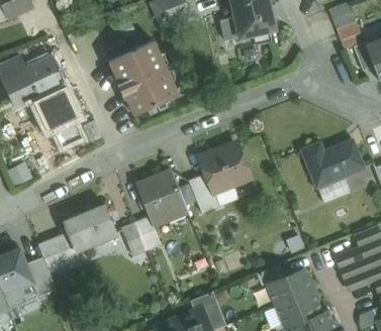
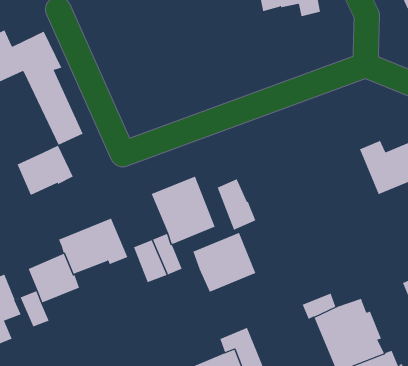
building: [109,41,179,116] -> none
building: [200,144,251,192] -> [193,232,256,292]
building: none -> [17,145,73,196]

